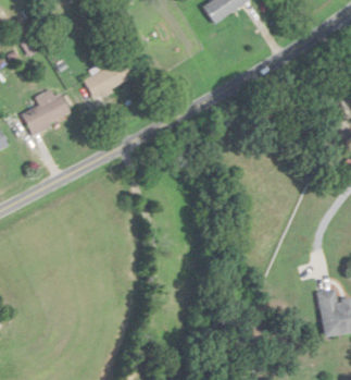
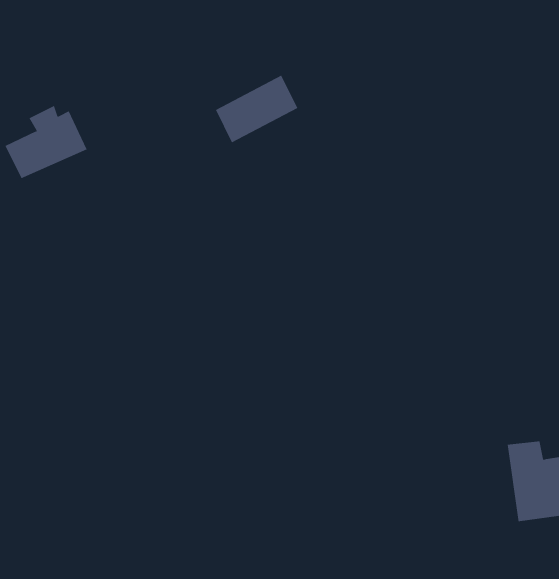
building: [83,60,131,100] -> [215,75,298,143]

